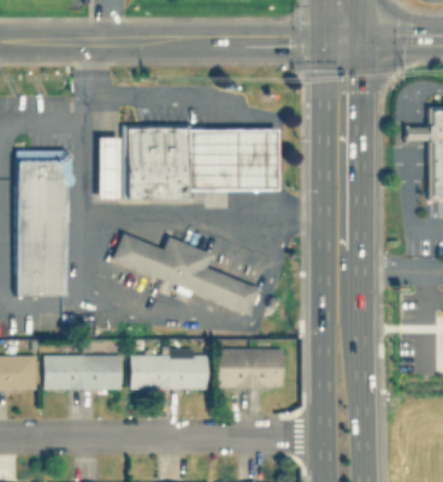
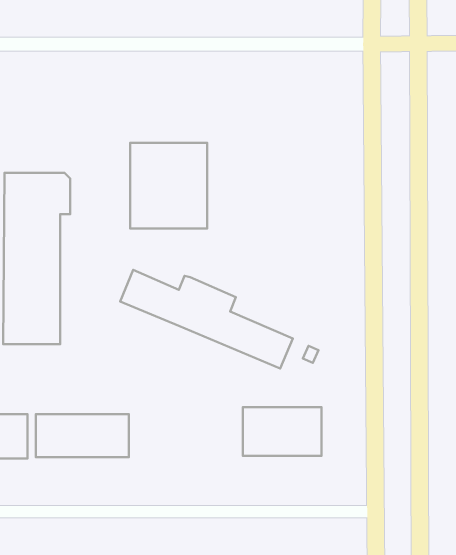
building: [188,130,278,190] -> none
building: [99,138,119,198] -> none
building: [131,351,207,389] -> none

